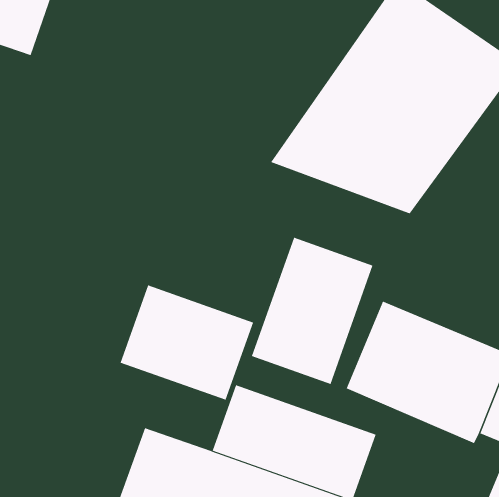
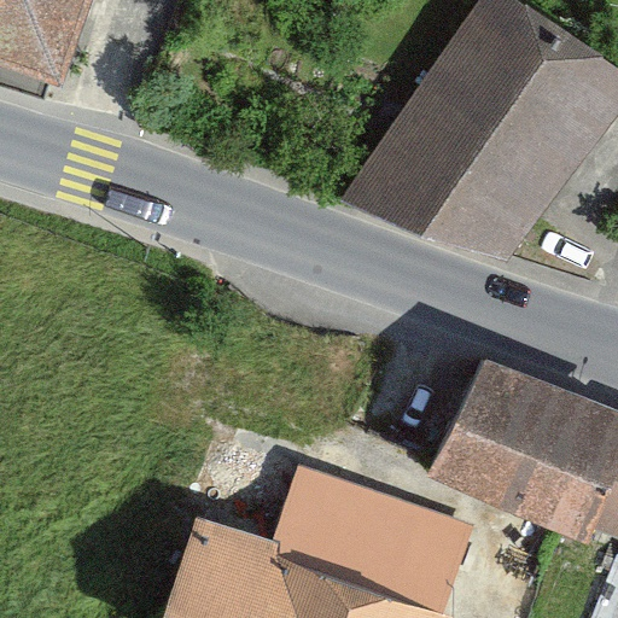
building: [251,237,373,385] -> none
building: [120,284,254,401] -> none

